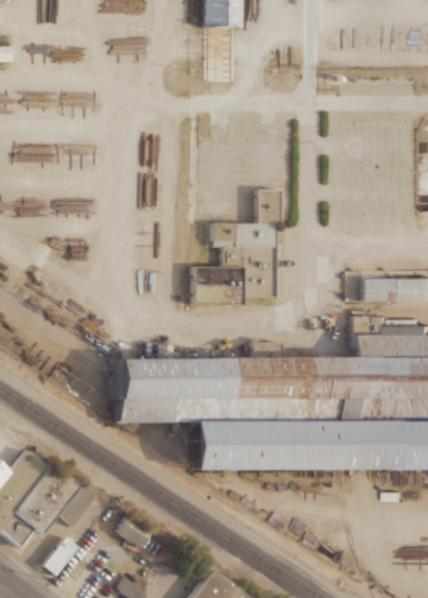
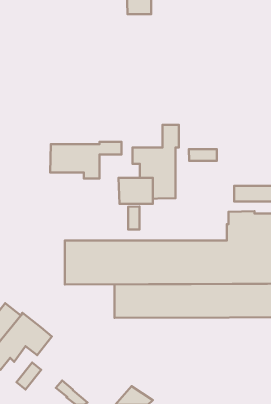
building: none -> [50,142,121,178]
building: none -> [189,149,217,161]
building: none -> [128,207,140,230]
building: [119,517,153,548] -> none

